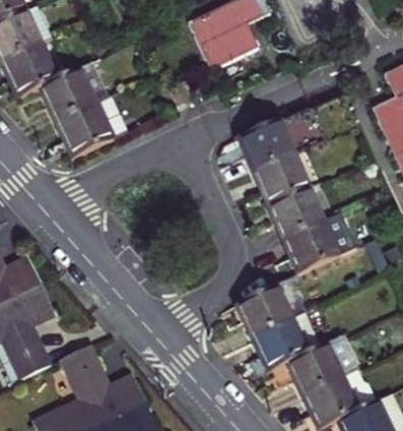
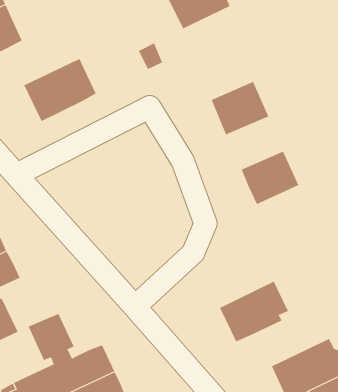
building: [41,61,110,122] -> none
building: [254,152,311,204] -> none
building: [284,214,352,272] -> none
building: [231,280,301,340] -> none
building: [282,336,356,396] -> none

